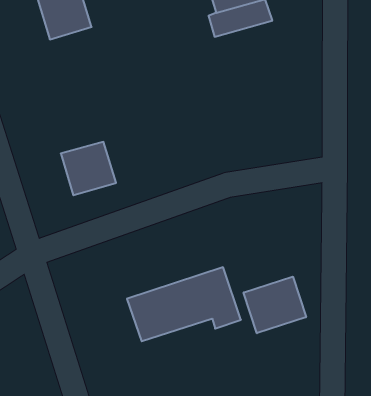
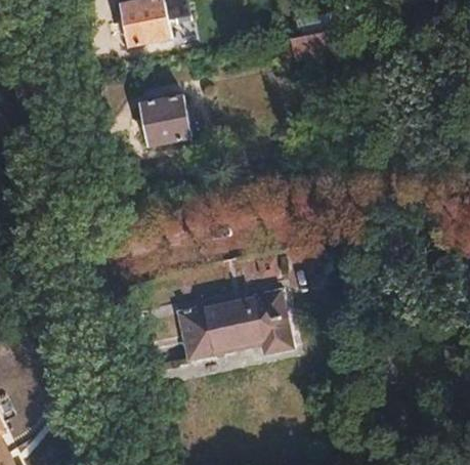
building: [61,142,116,195] -> [139,96,191,146]
building: [244,277,306,333] -> none

